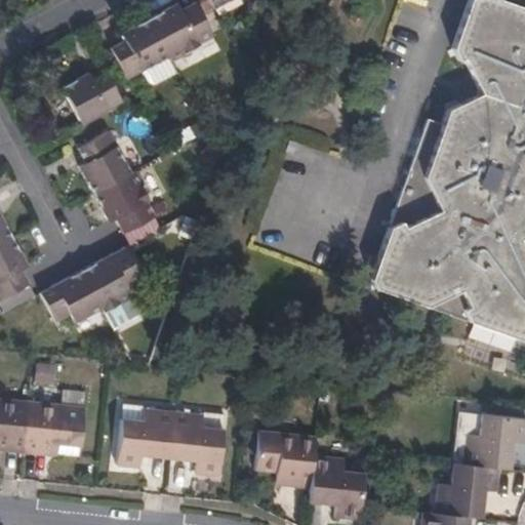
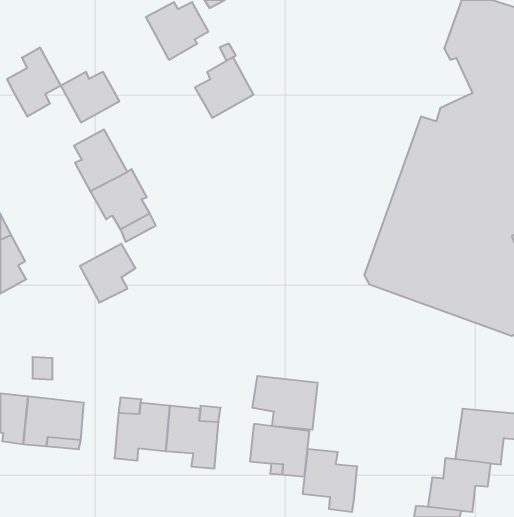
building: [112,17,171,79] -> [195,57,254,118]
building: none -> [7,47,61,117]
building: [41,270,102,319] -> none
building: none -> [253,376,317,430]

